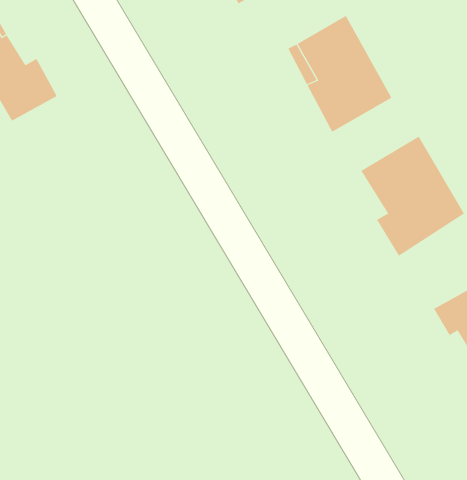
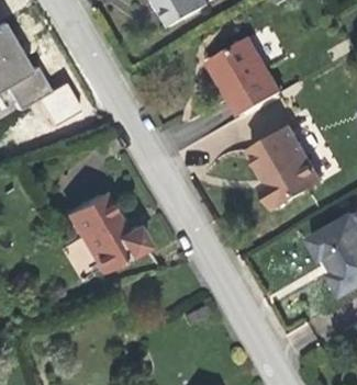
building: none -> [63,193,143,271]

